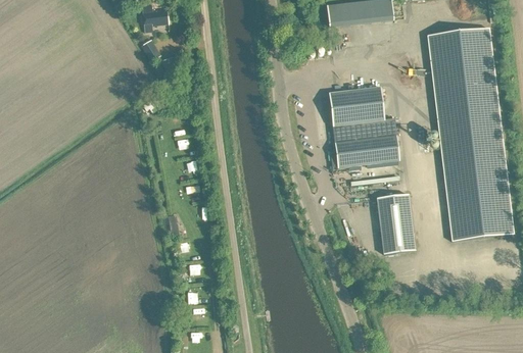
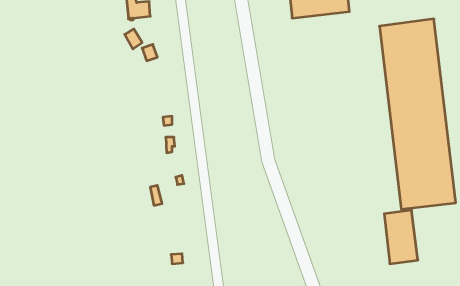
building: [329,84,398,169] -> none
building: [377,194,415,254] -> [384,210,418,264]

